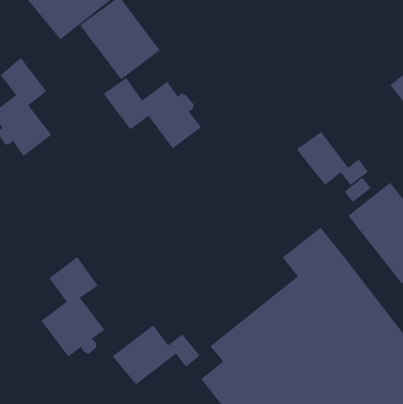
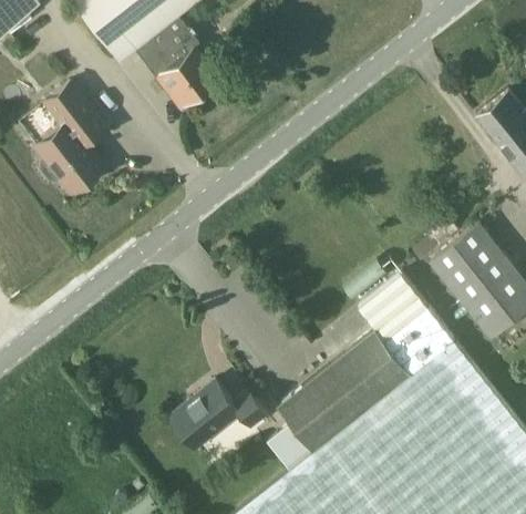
building: [103,77,202,149] -> none
building: [296,131,369,186] -> none
building: [41,256,105,358] -> none

